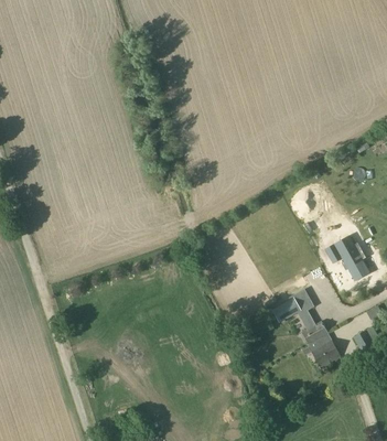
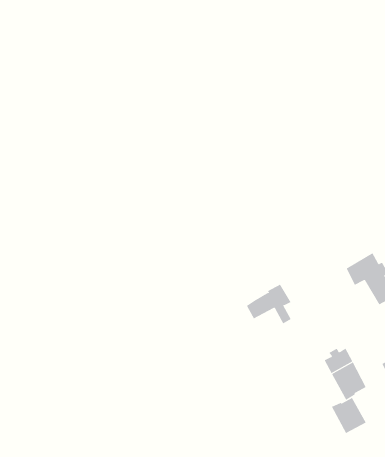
building: [275,289,315,325] -> [246,284,291,324]
building: none -> [331,397,367,434]

